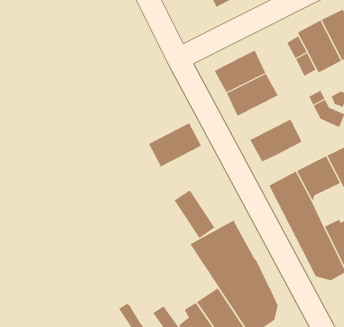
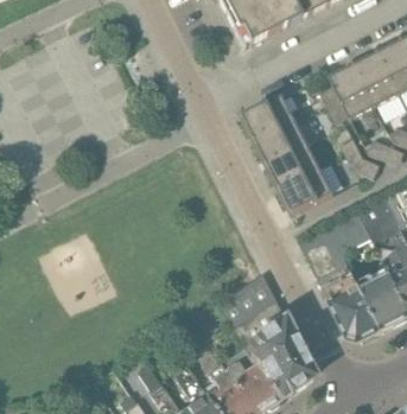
building: [148,123,202,167] -> [267,141,324,189]
building: [174,189,215,239] -> none

